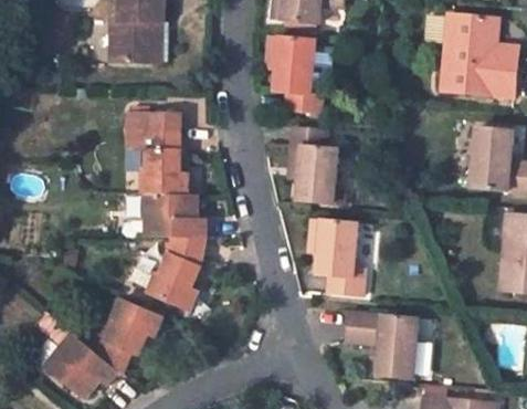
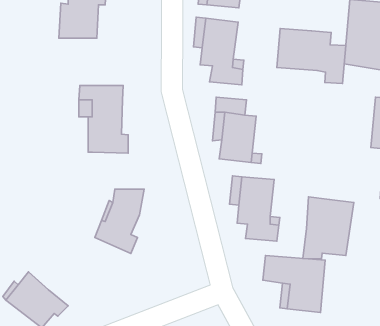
building: none -> [277,29,346,83]
building: [143,192,207,235] -> none
building: none -> [303,197,354,259]
building: [95,297,164,374] -> none

